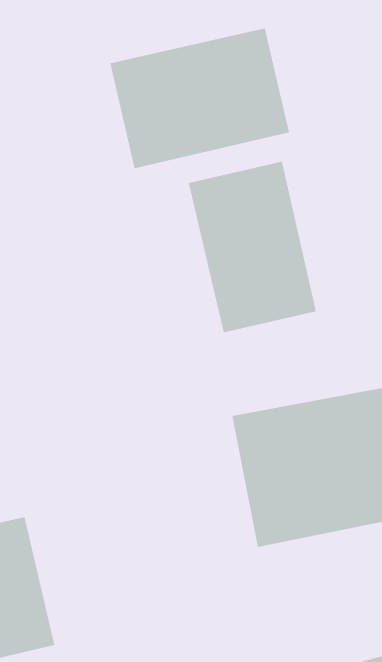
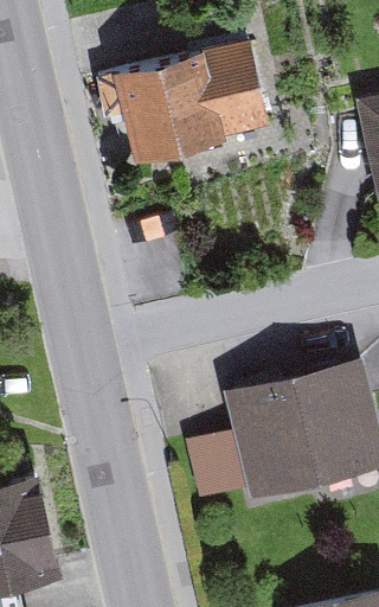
building: [188,161,316,333] -> none

